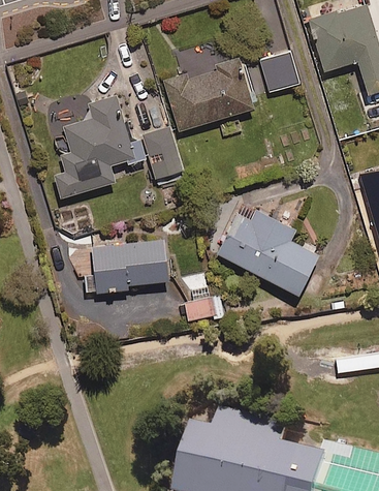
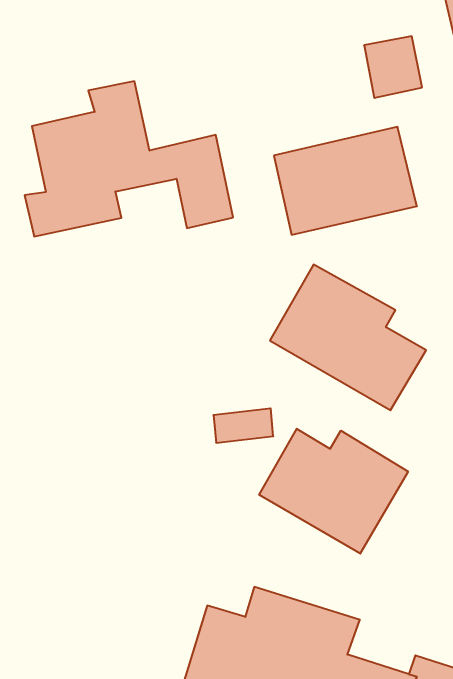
building: [163,58,257,132] -> [274,127,417,235]
building: [90,239,167,294] -> none
building: none -> [259,429,408,554]

